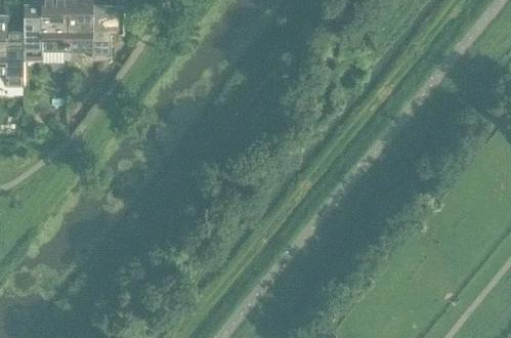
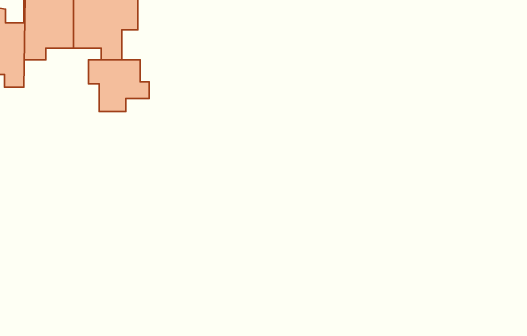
building: none -> [88,60,149,112]

